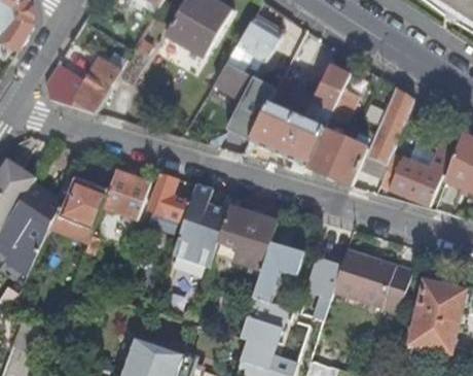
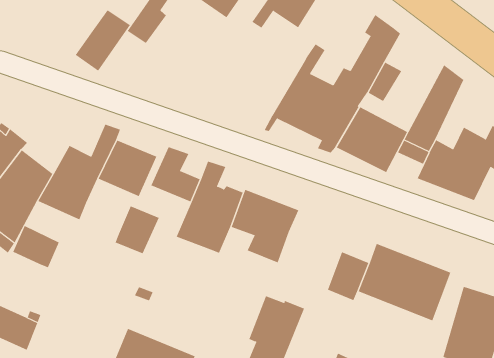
building: [43,62,85,105] -> none
building: [211,64,274,141] -> none
building: none -> [115,206,159,254]
building: [252,242,303,304] -> none
building: none -> [12,225,59,268]

